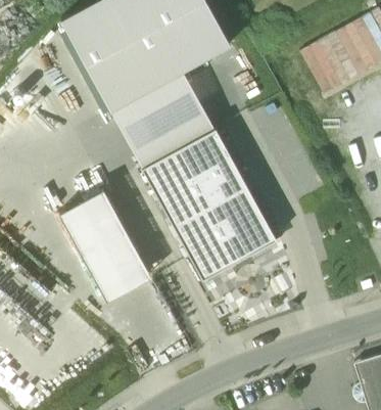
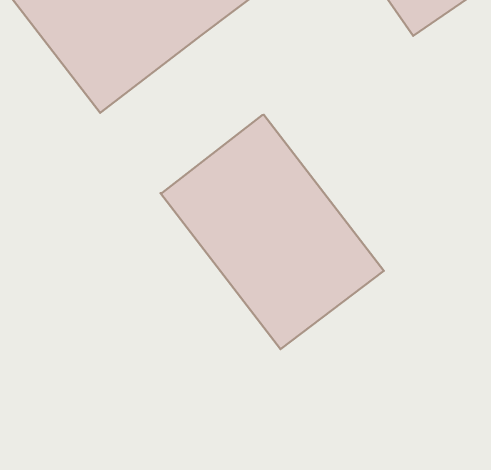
building: [111,73,215,170] -> none
building: [59,191,151,303] -> none

